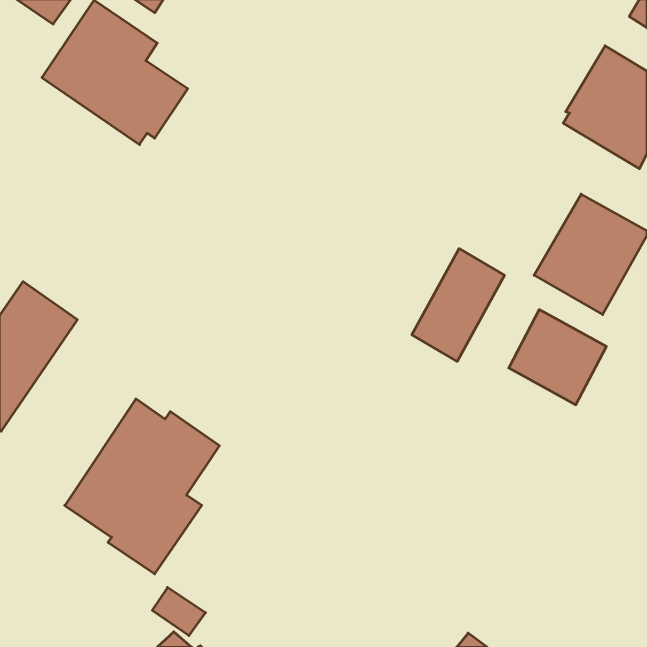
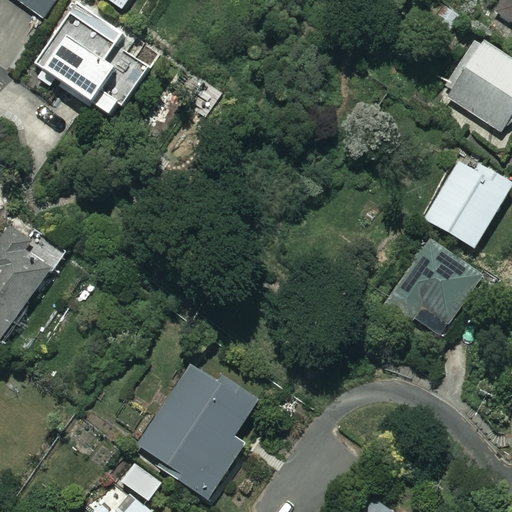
building: [412,249,504,361] -> none
building: [65,399,219,574] -> [137,360,259,498]

